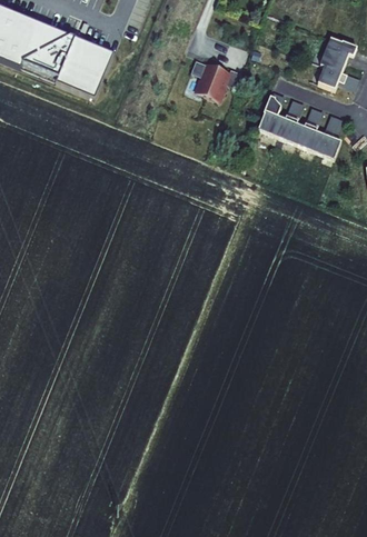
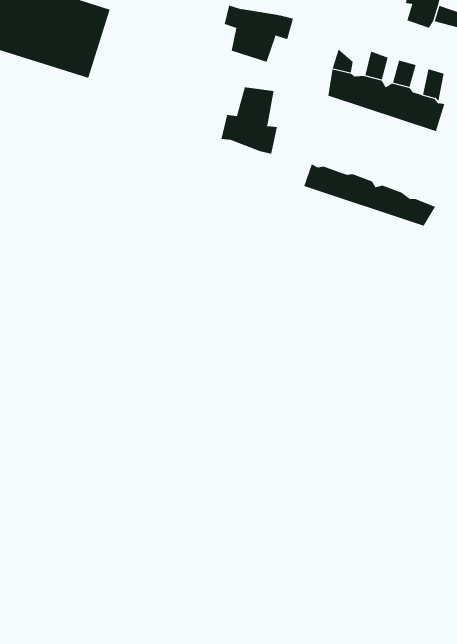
building: none -> [221,87,277,155]
building: none -> [303,164,436,226]

